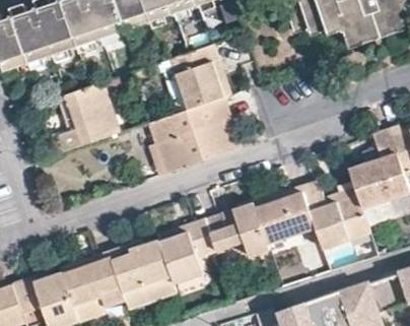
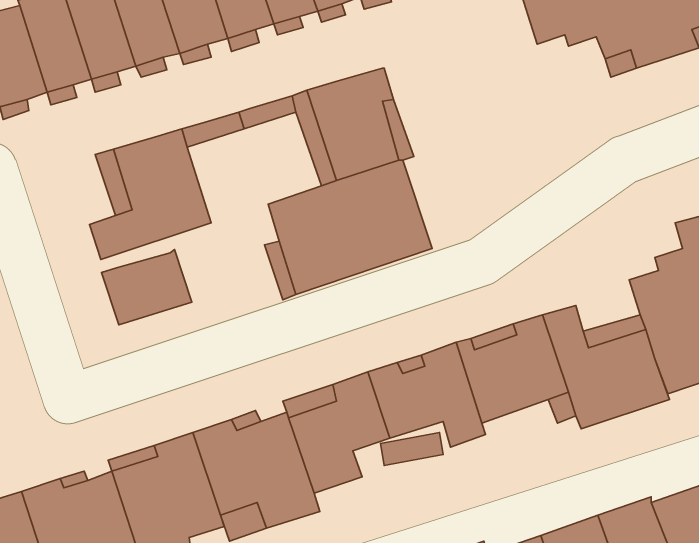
building: none -> [102,250,192,325]

